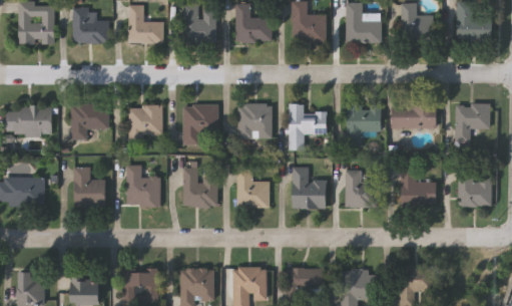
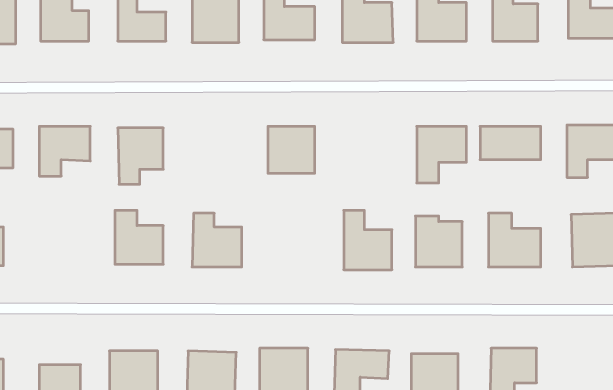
building: [288,103,328,150] -> none
building: [183,104,219,145] -> none
building: [74,168,107,208] -> none
building: [238,169,269,207] -> none

